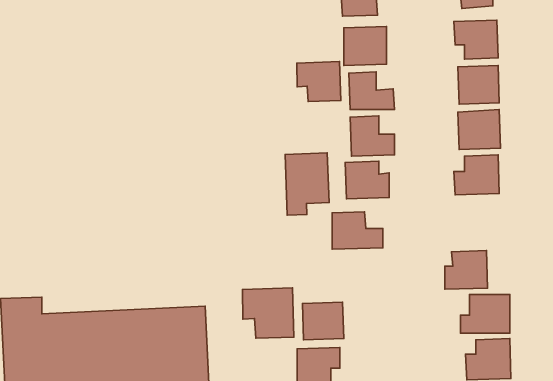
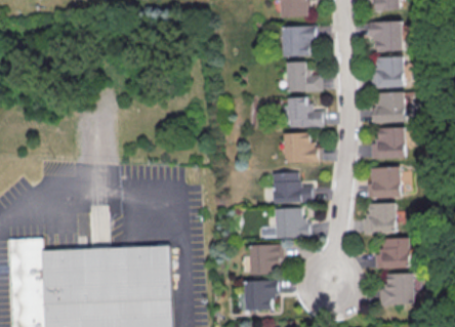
building: [297,62,341,102] -> none
building: [285,153,329,215] -> none
building: none -> [364,167,399,198]
building: none -> [274,208,308,238]
building: [242,288,294,338] -> none

